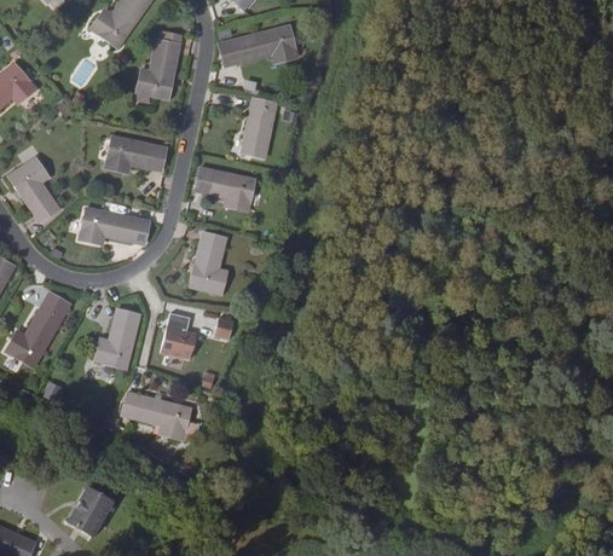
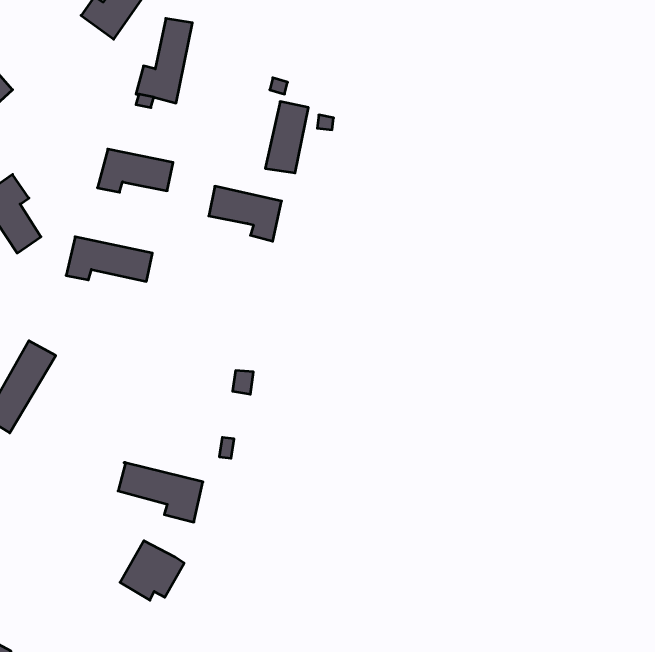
building: [219,25,296,65] -> none
building: [189,232,225,295] -> none
building: [94,309,139,369] -> none
building: [160,325,196,359] -> none
building: [66,488,118,537] -> [120,541,184,600]

